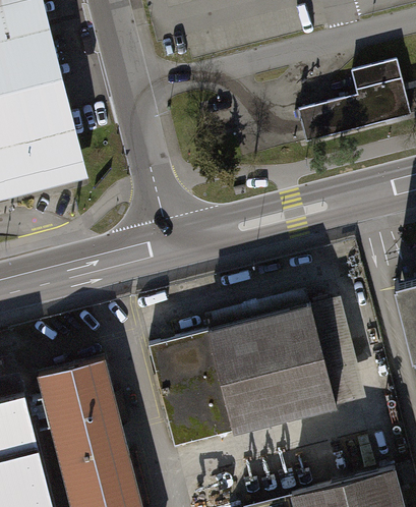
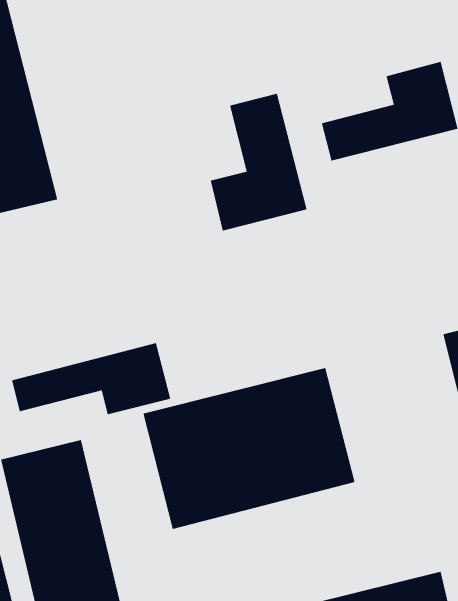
building: none -> [210,93,308,232]
building: none -> [11,342,171,415]

